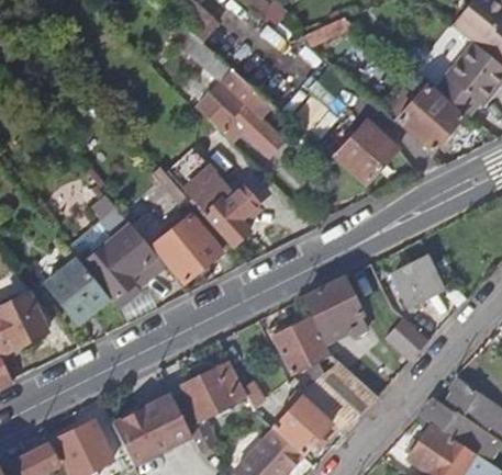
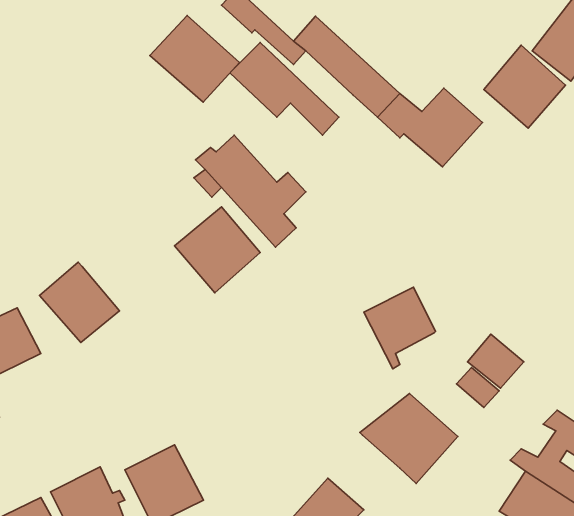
building: none -> [150,16,239,102]
building: [76,223,165,307] -> none
building: [393,258,446,306] -> none
building: [270,317,332,378] -> none
building: [183,362,247,419] -> none
building: [153,393,193,446] -> none
building: [274,395,332,454] -> none

